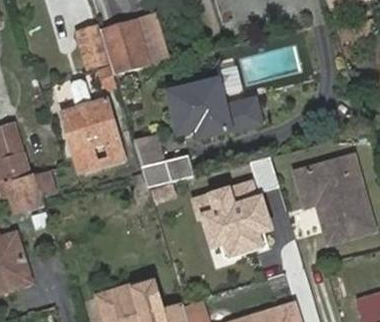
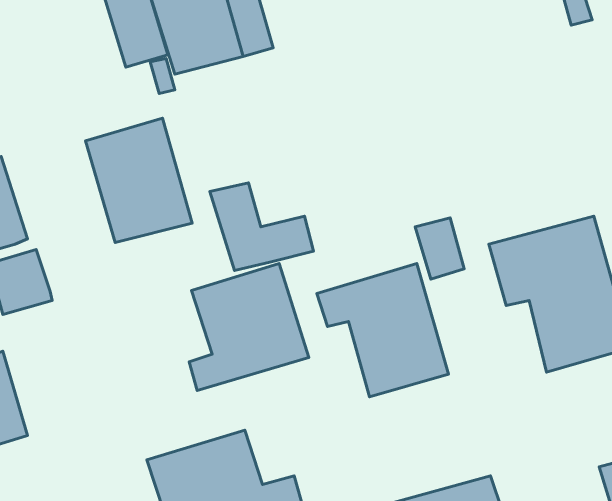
building: [166,78,260,137] -> none
building: none -> [189,264,309,391]

